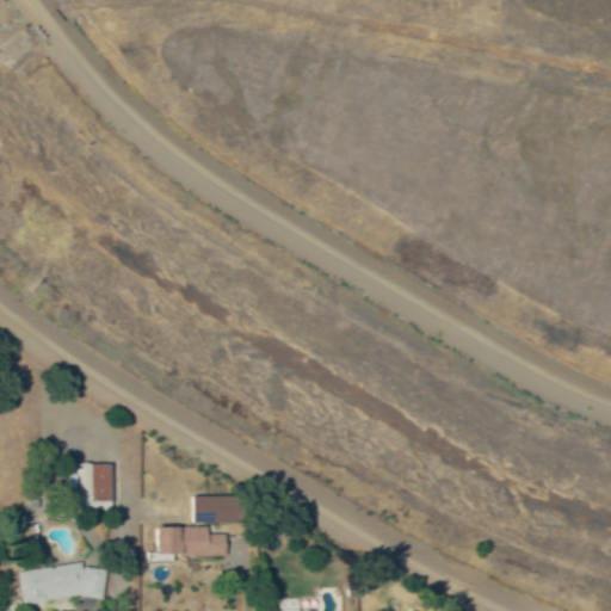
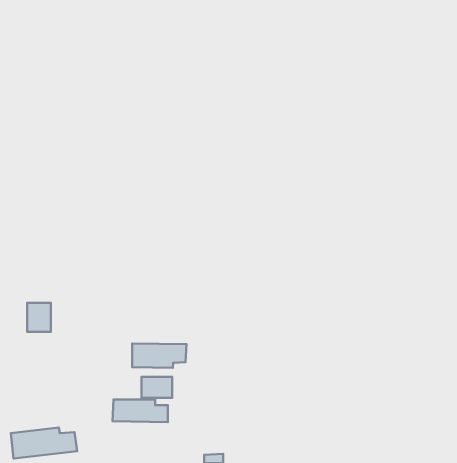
building: none -> [132,343,186,368]
building: [85,463,116,501] -> [27,303,51,332]

